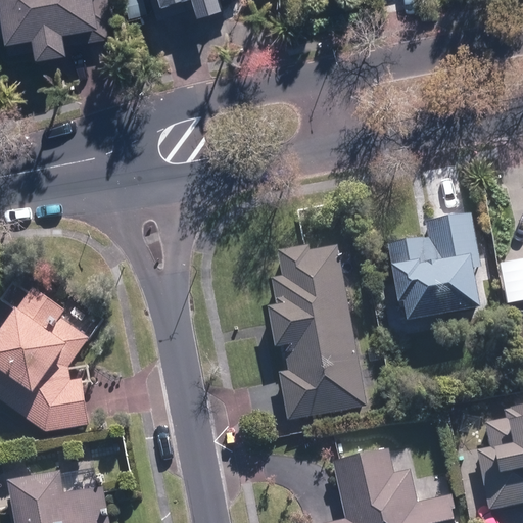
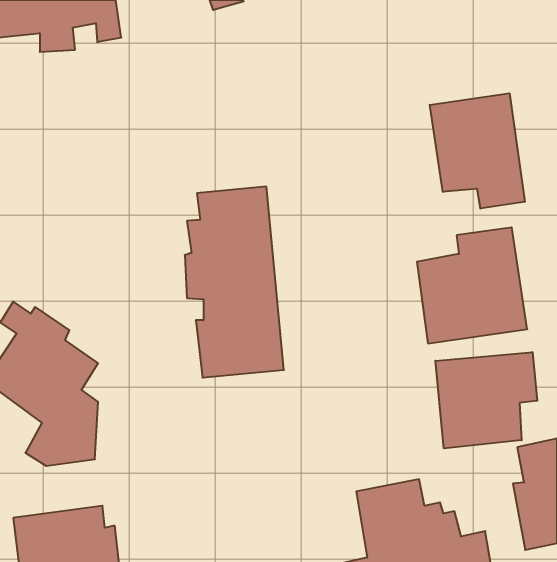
building: none -> [430,93,525,209]
building: [268,241,360,418] -> [185,187,284,378]
building: none -> [435,352,537,448]

